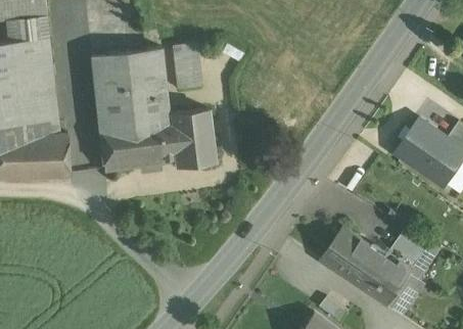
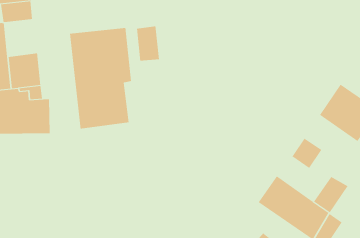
building: [12,38,53,84] -> none
building: [158,109,214,167] -> none
building: none -> [292,137,322,169]

